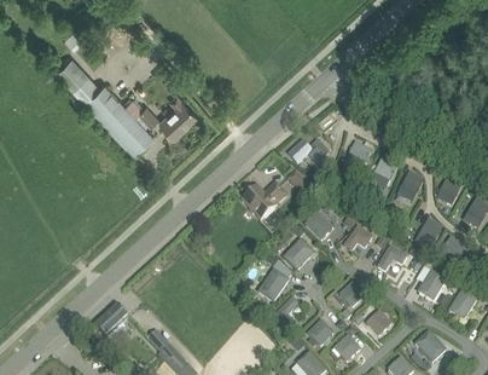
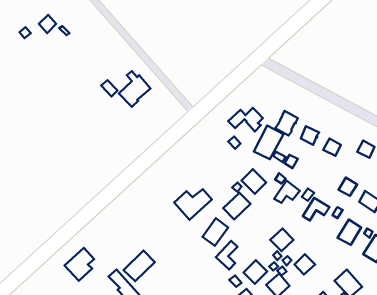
building: [56,56,152,154] -> none
building: none -> [254,125,283,159]
building: [242,183,286,219] -> [174,189,212,220]
building: none -> [123,250,155,281]

